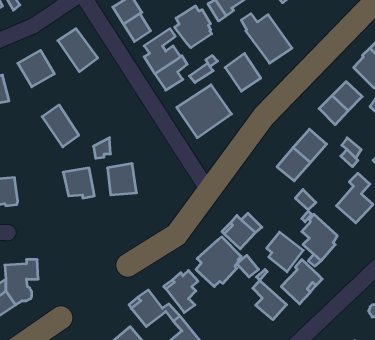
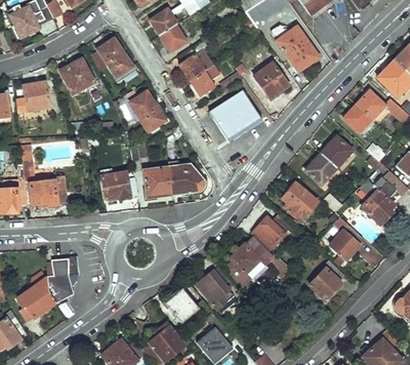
building: [175,6,212,48] -> none
building: [42,105,79,147] -> [130,92,165,132]
building: none -> [167,161,205,195]
building: [267,232,303,272] -> [282,181,317,219]
building: [253,280,287,320] -> none

